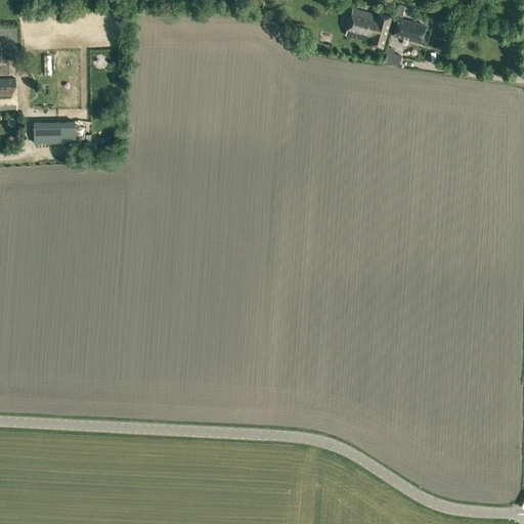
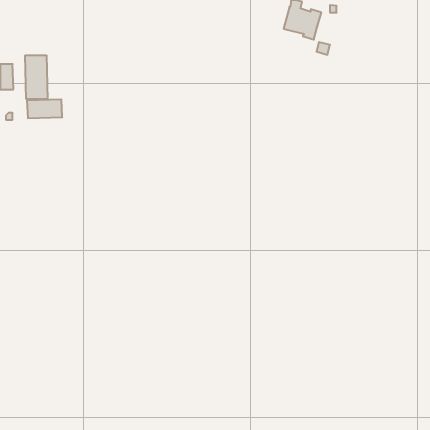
building: [393,18,426,43] -> none
building: none -> [25,55,47,99]

